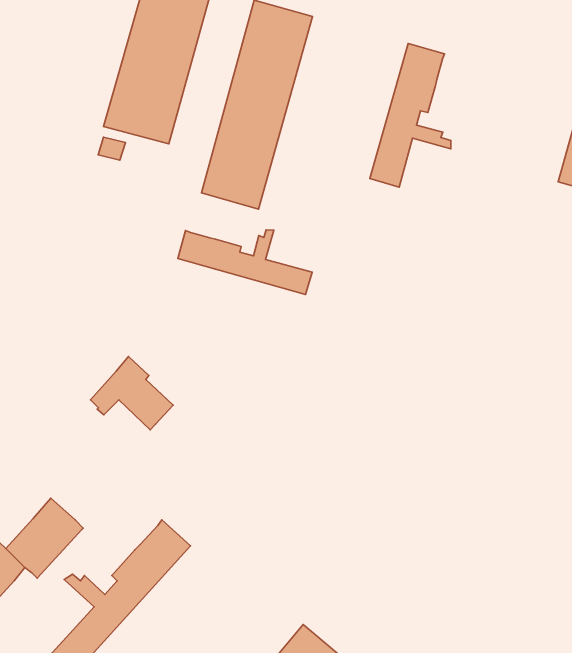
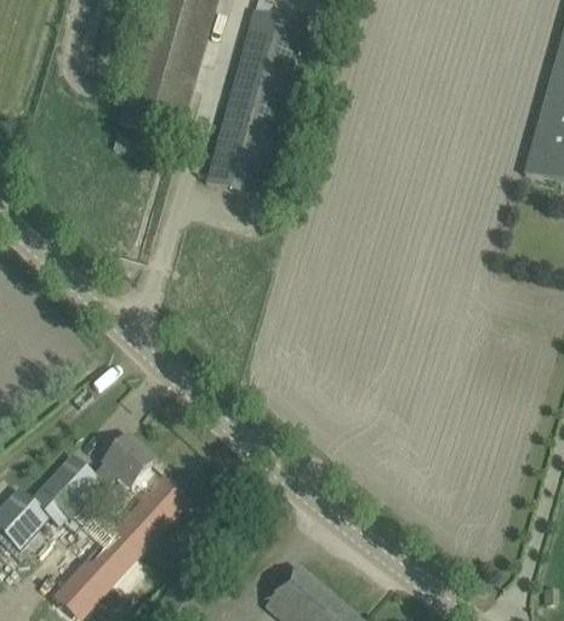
building: [370,44,451,187] -> none
building: [178,230,312,295] -> none
building: [90,356,173,430] -> [93,433,167,498]

